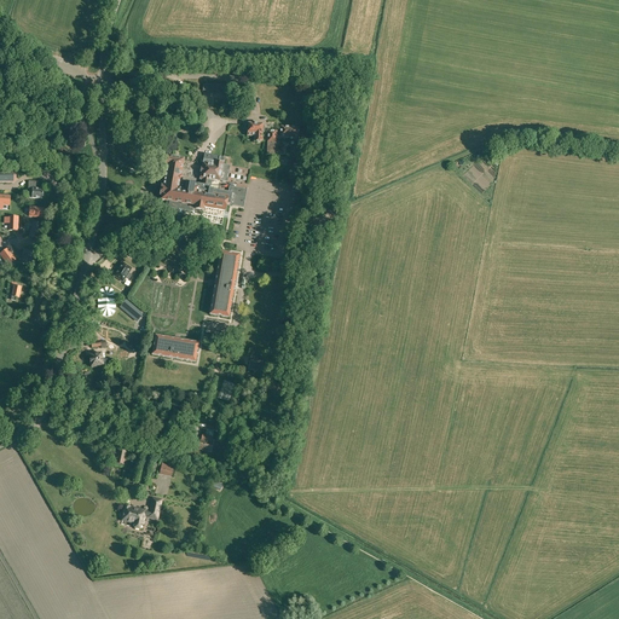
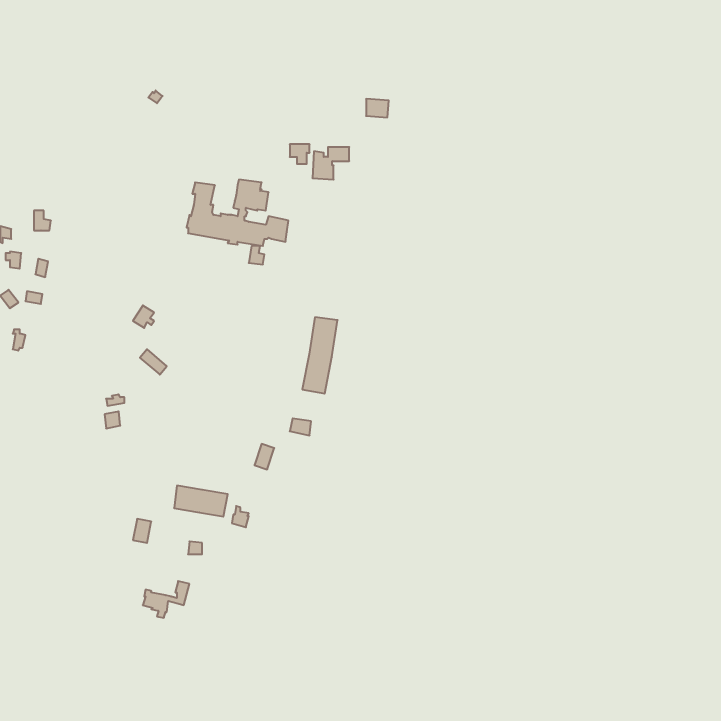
building: [210,251,241,317] -> [302,317,338,394]
building: [154,335,199,361] -> [174,486,228,517]

